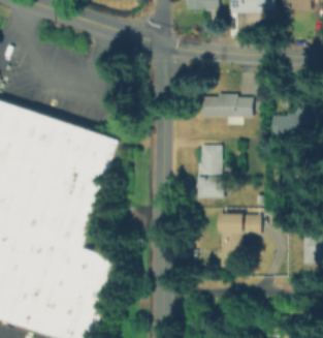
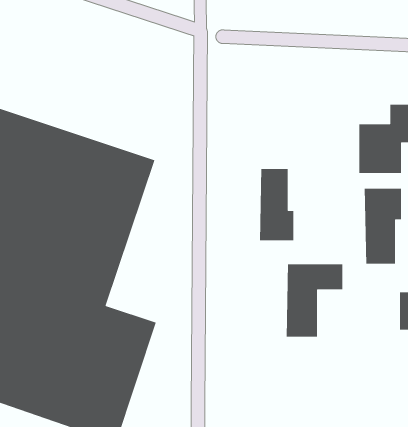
building: [202,94,252,118] -> none
building: none -> [364,188,402,264]

